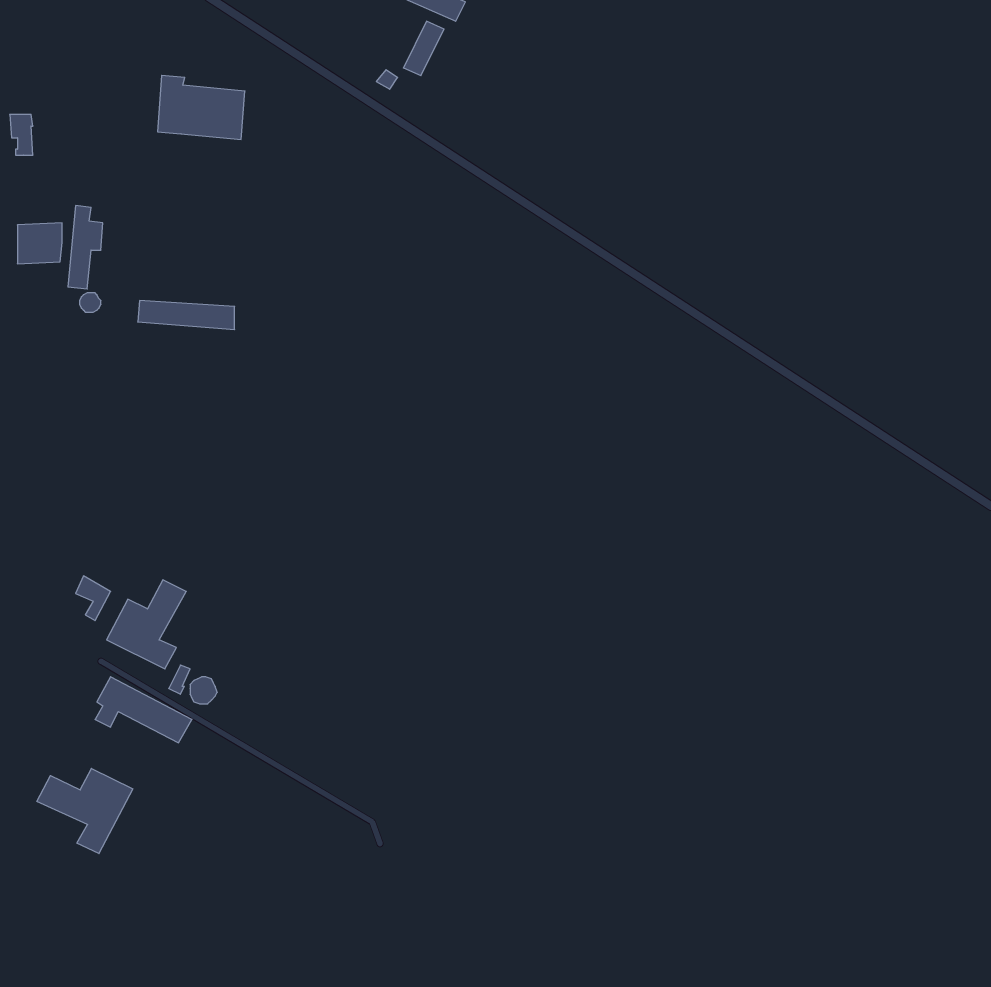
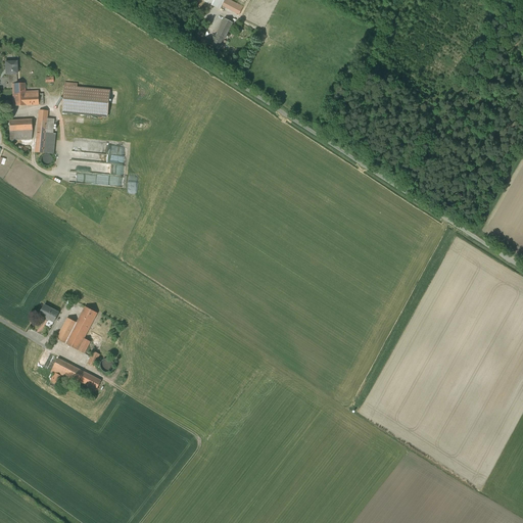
building: [158,75,245,139] -> [63,81,109,114]
building: none -> [12,82,44,104]
building: [37,768,133,854] -> none

